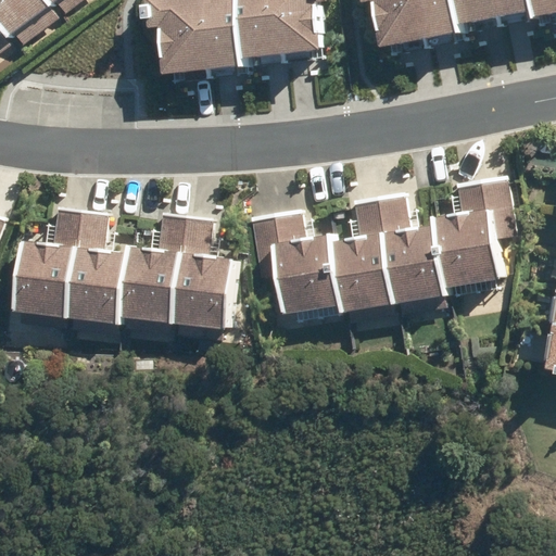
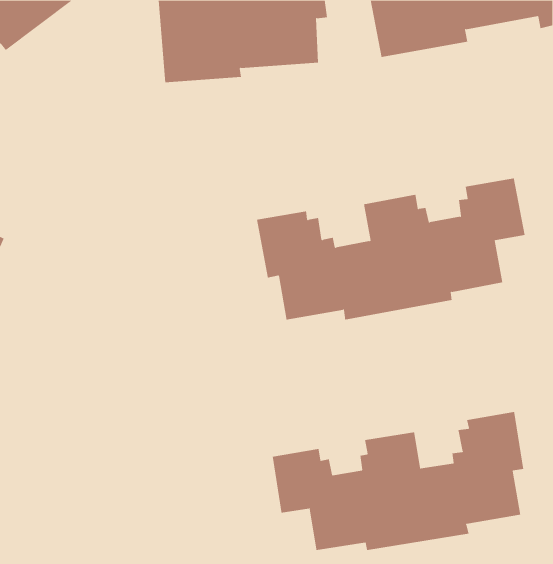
building: [8,204,230,332] -> none
building: none -> [272,411,524,551]

